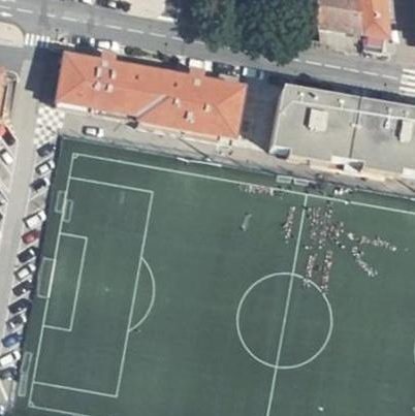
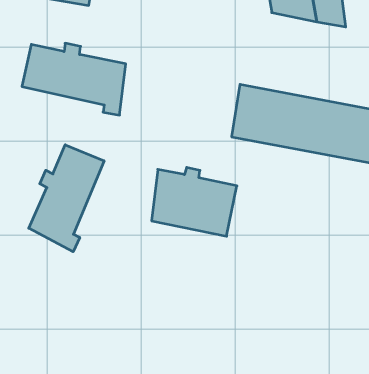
building: [160,69,246,138] -> [152,167,237,236]
building: none -> [29,145,104,252]

